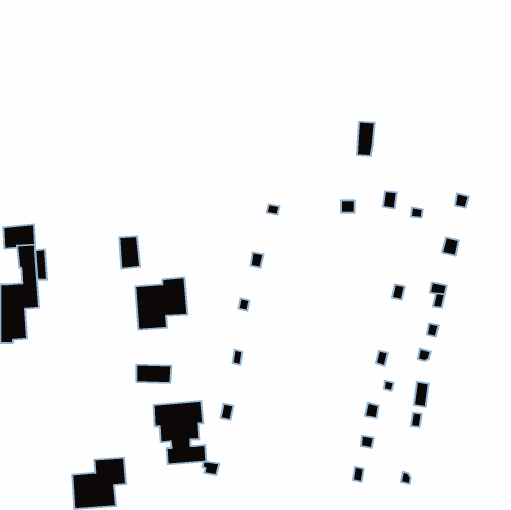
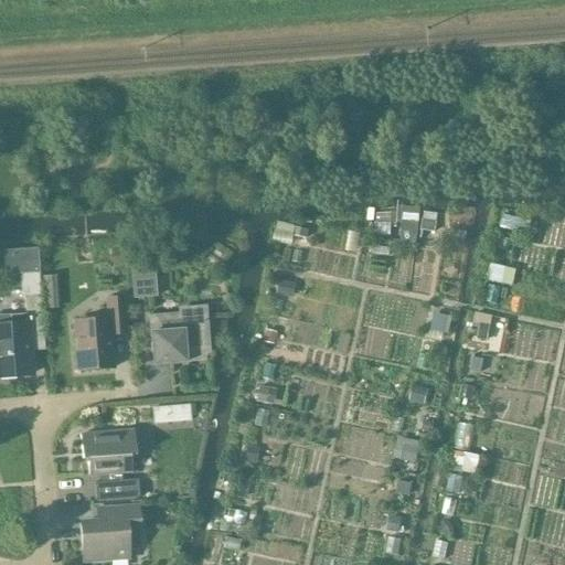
building: [357,122,375,156] -> [402,205,422,243]
building: none -> [74,297,126,369]
building: [154,401,207,464] -> [81,429,139,499]

